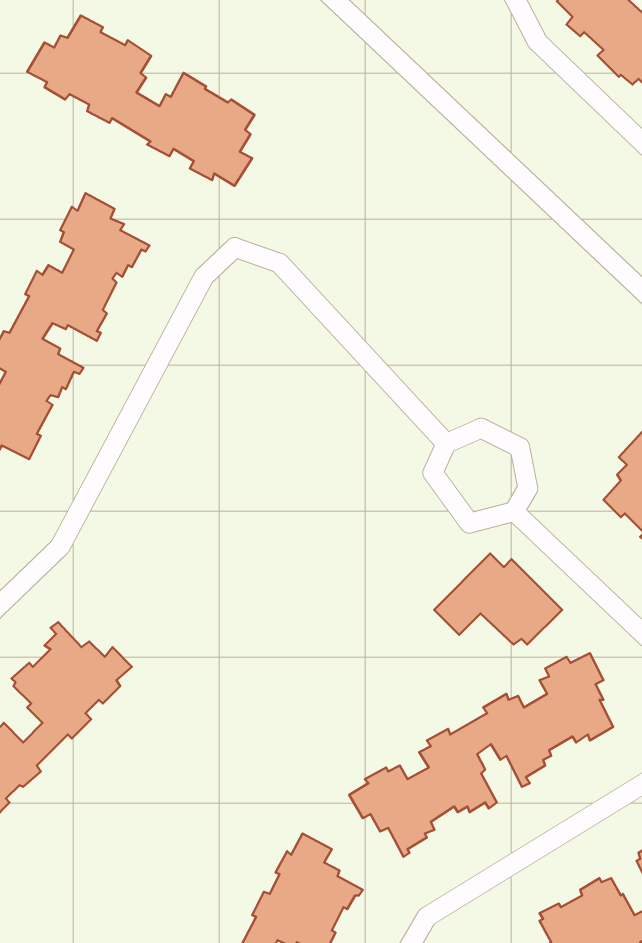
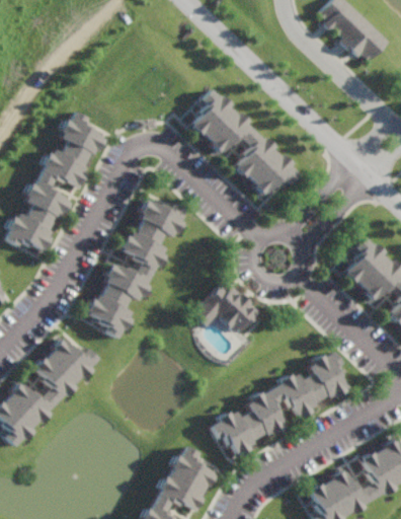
building: [27,16,255,186] -> none
building: none -> [188,90,297,196]
building: none -> [84,201,185,339]
building: [434,553,562,645] -> [190,284,257,331]

